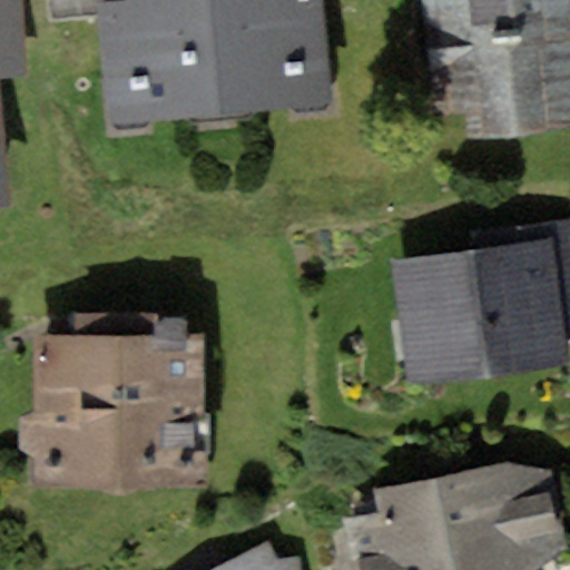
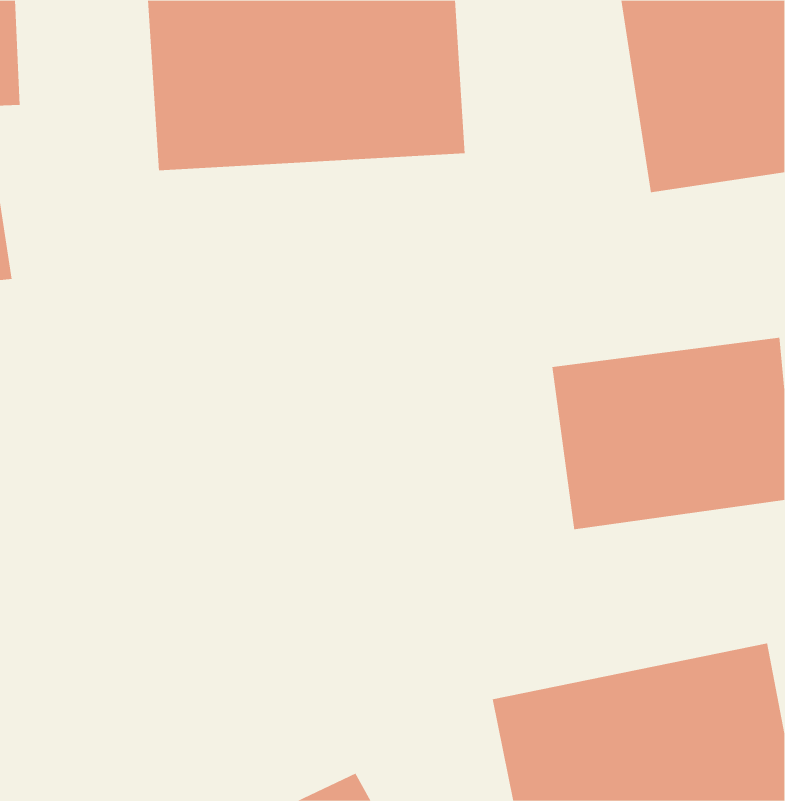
building: [33,332,205,470] -> none

